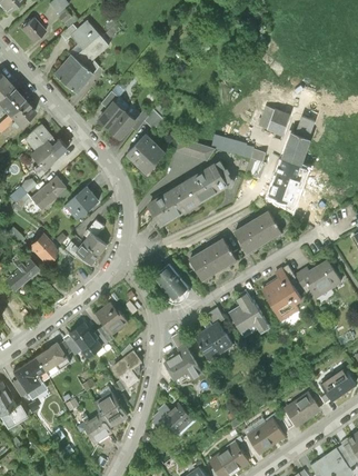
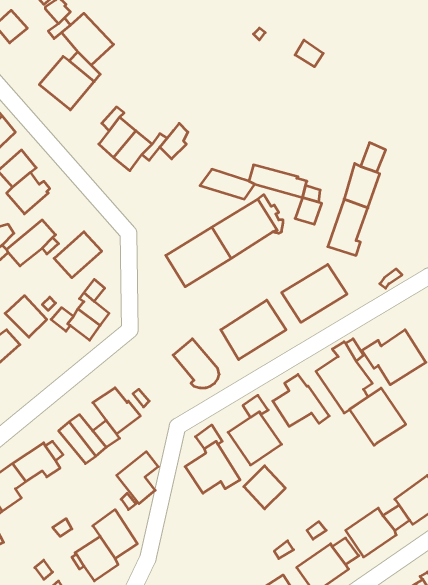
building: [258,108,289,137] -> none
building: [128,132,168,172] -> none
building: none -> [350,388,406,445]
building: [163,401,195,434] -> [244,466,285,509]

